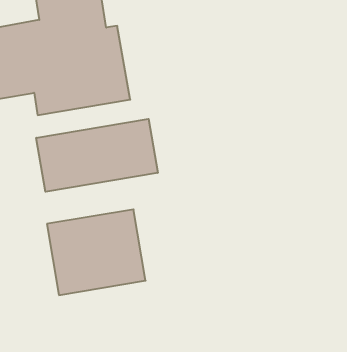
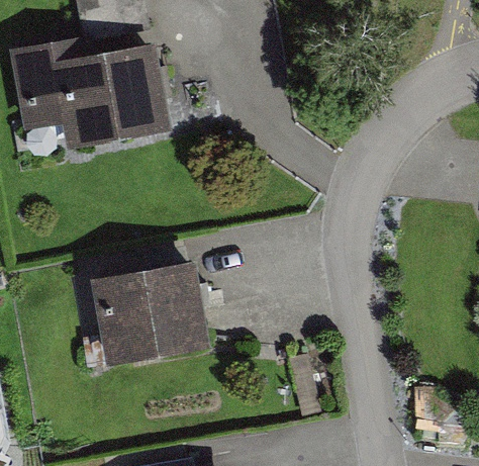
building: [36,119,158,192] -> none

